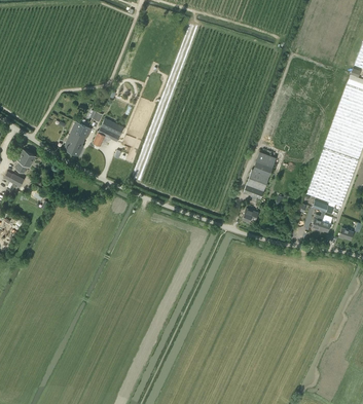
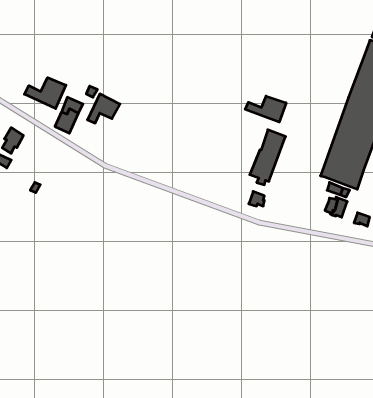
building: none -> [24,78,66,109]
building: none -> [245,96,286,122]

